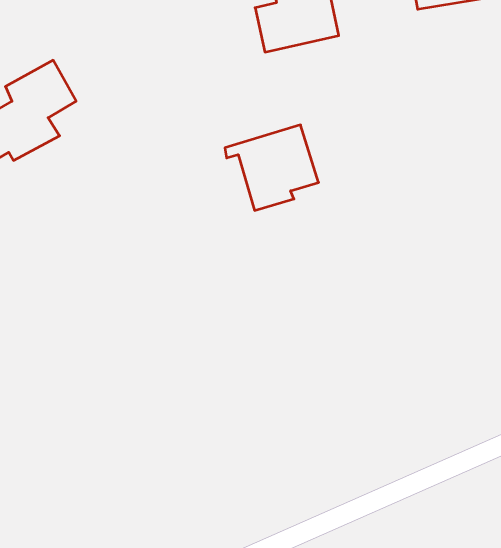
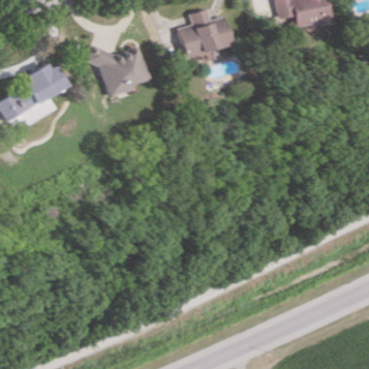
building: [225,125,319,210] -> [90,42,149,96]

